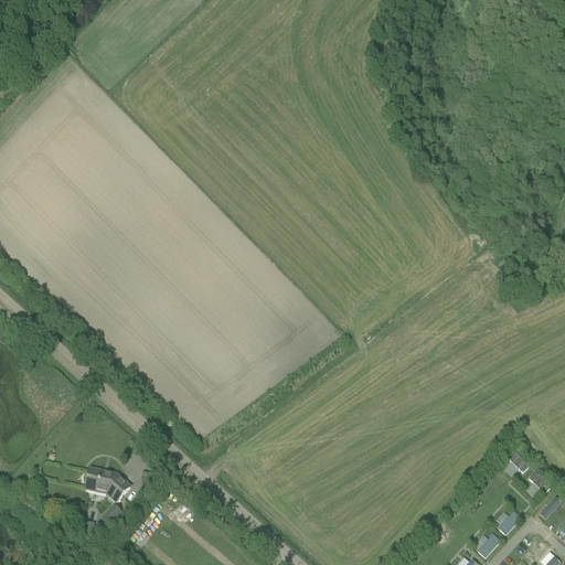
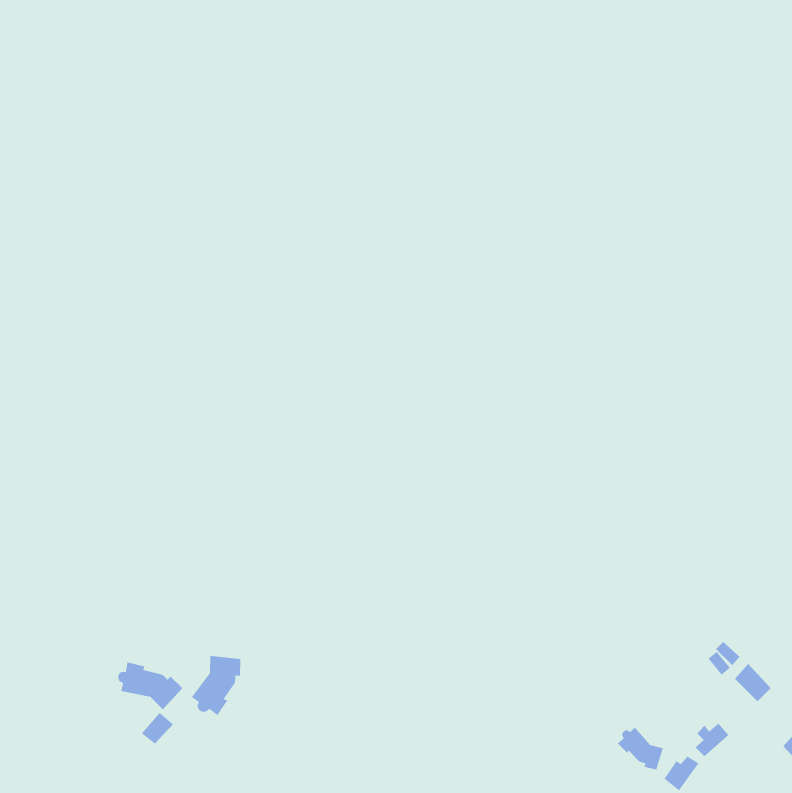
building: none -> [191,655,241,716]
building: none -> [617,727,664,770]

